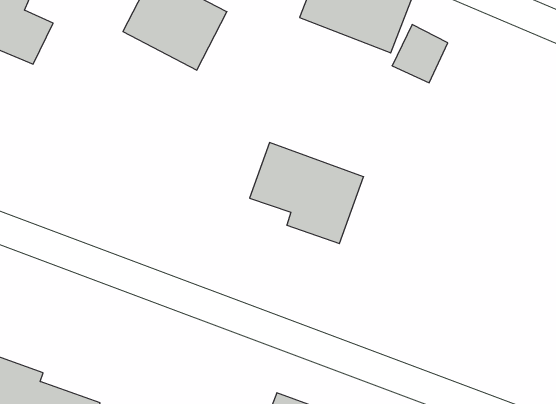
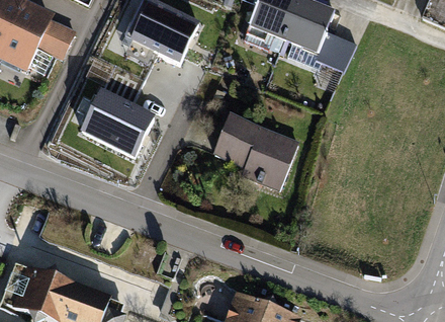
building: none -> [78,85,154,156]

